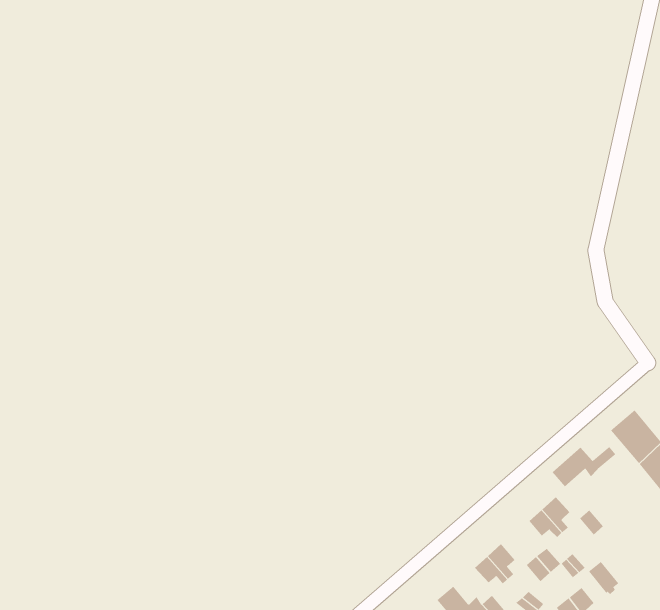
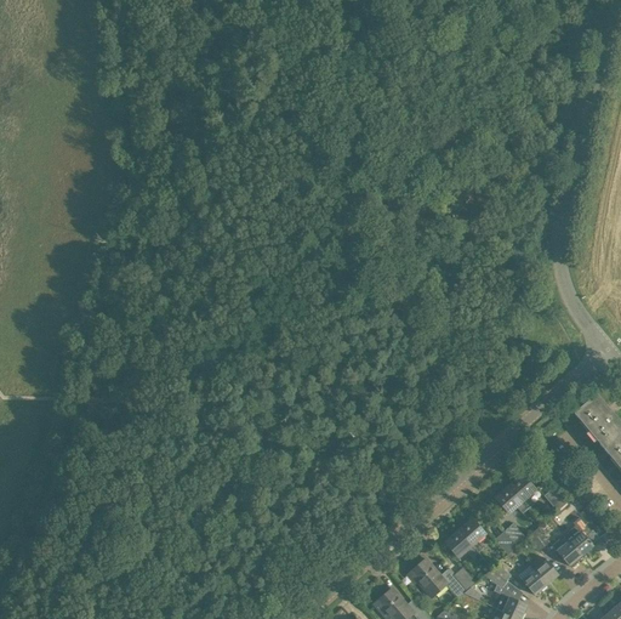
building: [552,446,616,487] -> none
building: none -> [564,518,593,557]

